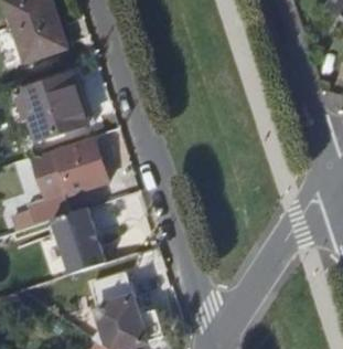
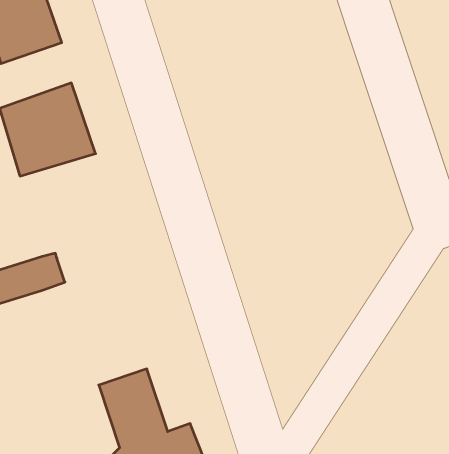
building: [40,141,106,197] -> none
building: [52,209,104,273] -> none

